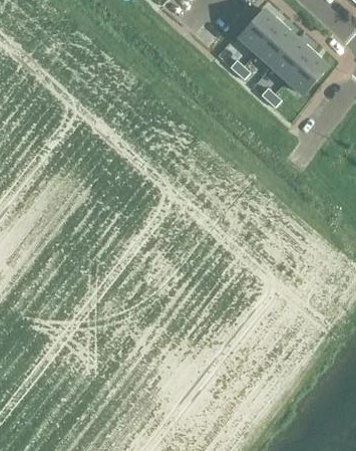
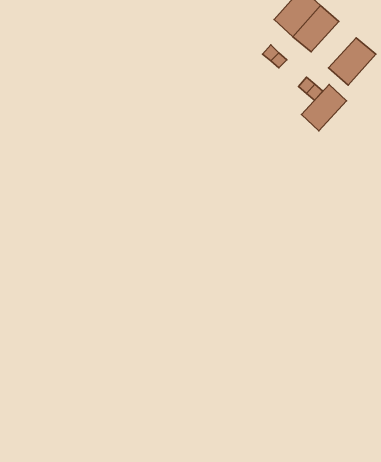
building: [271,38,310,78] -> [302,85,347,131]

